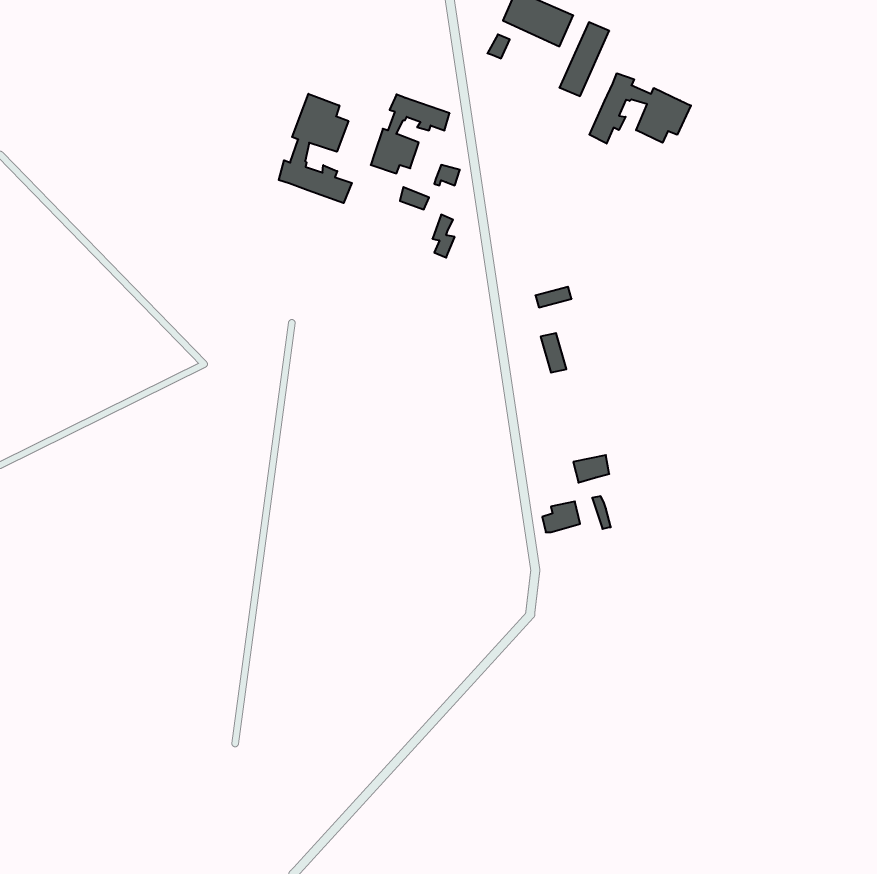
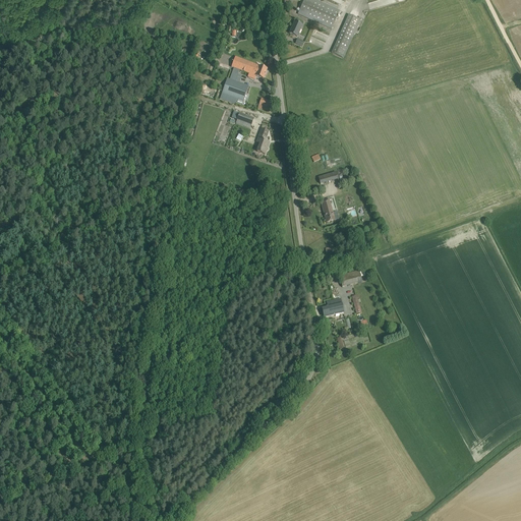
building: [589,73,691,144] -> none
building: [279,94,352,203] -> none

